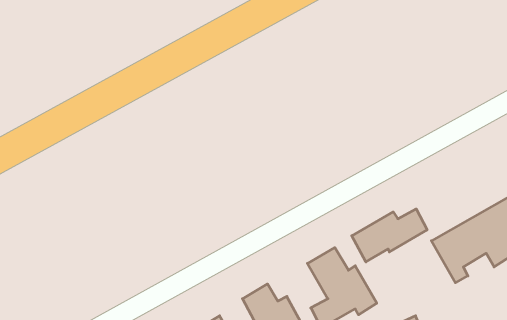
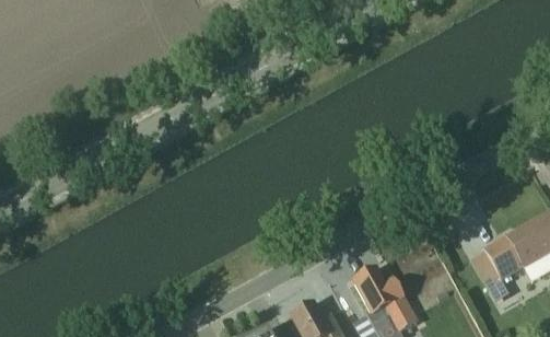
building: [352,209,427,262] -> none

